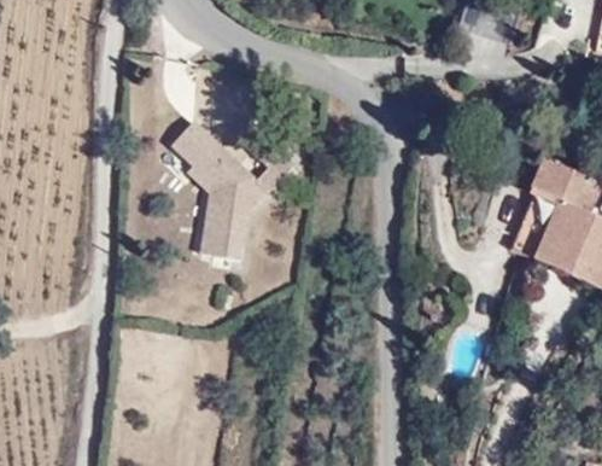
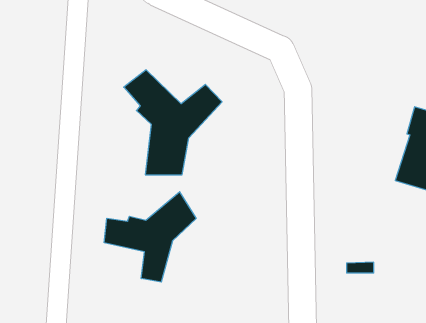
building: none -> [104,192,196,282]

